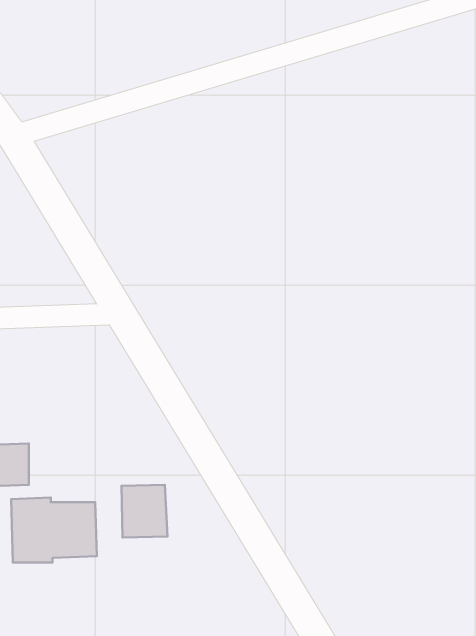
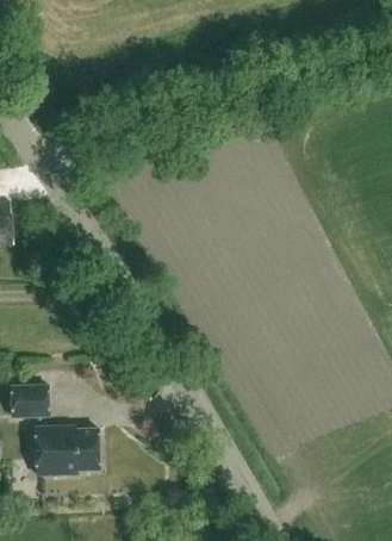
building: [121,485,167,537] -> none

